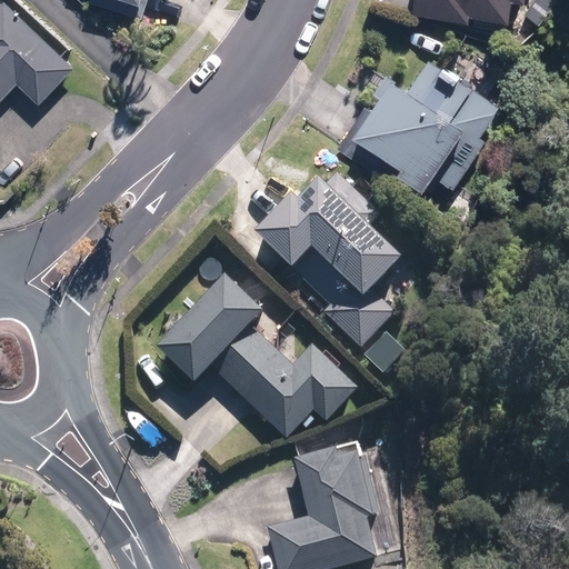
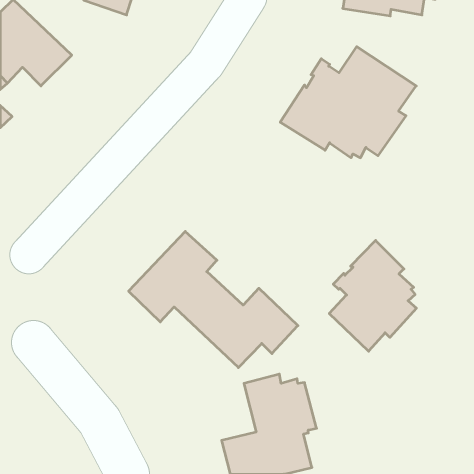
building: [252,172,399,346] -> none
building: none -> [329,240,416,351]

